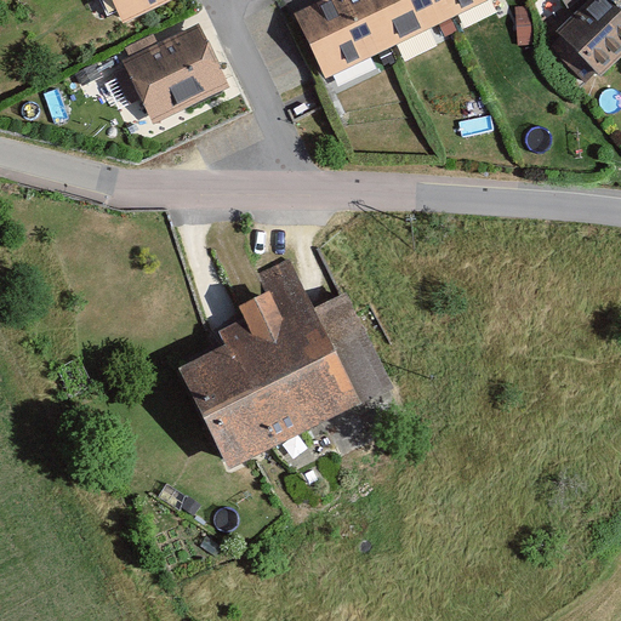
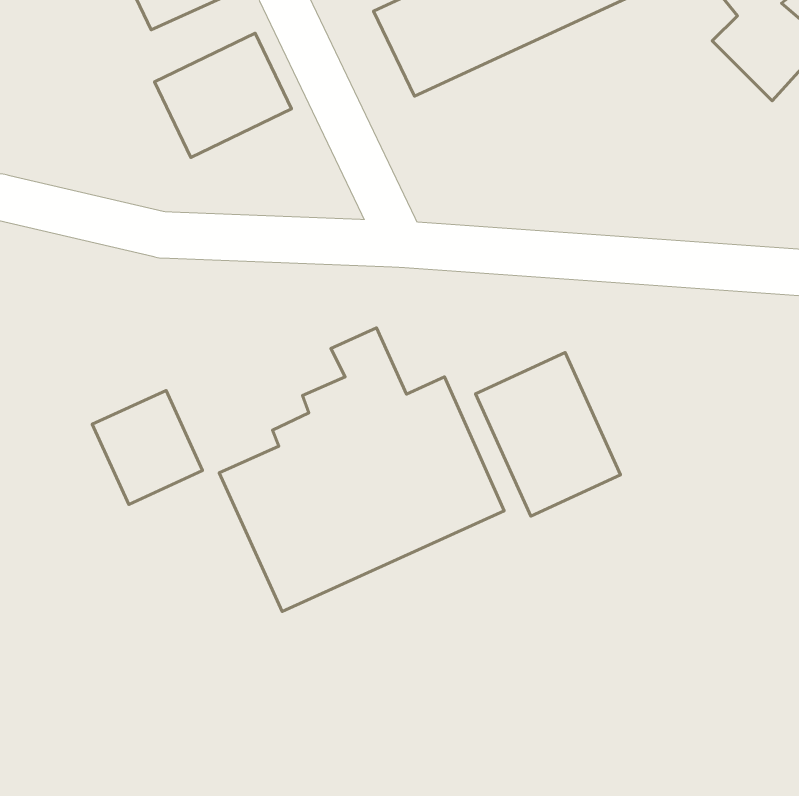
building: none -> [475,353,621,516]
building: none -> [92,390,203,504]

